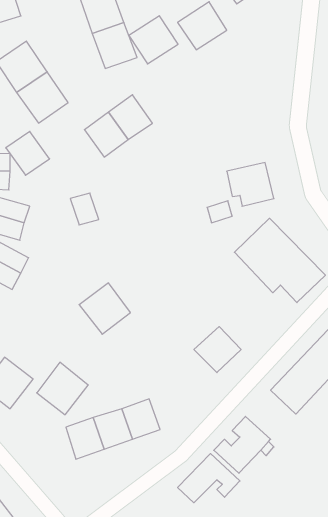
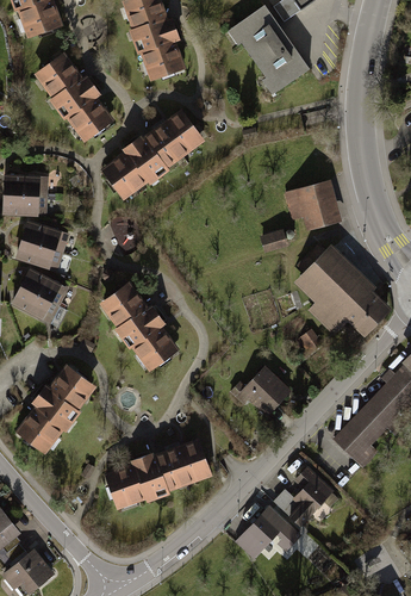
building: [129,16,178,64] -> [250,41,304,93]
building: [6,131,50,175] -> [102,149,150,197]
building: none -> [99,284,155,340]
building: [37,362,88,415] -> [42,364,98,421]

